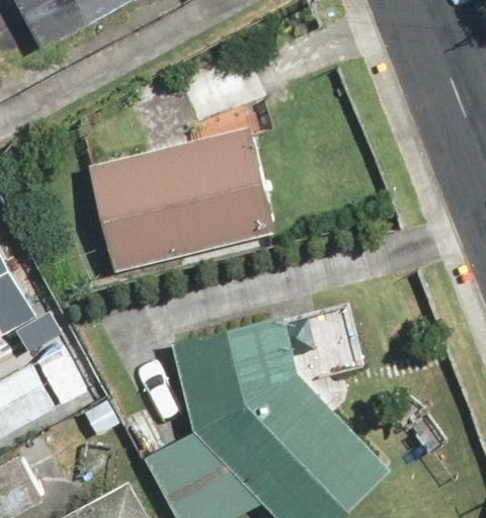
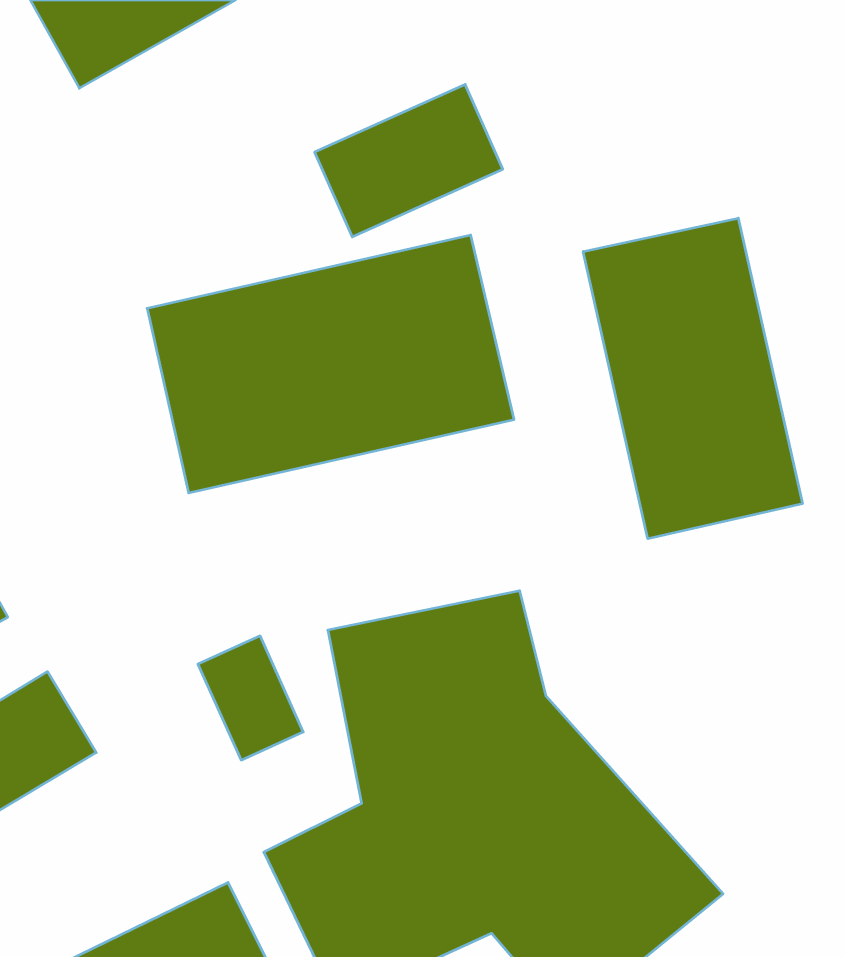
building: none -> [583,218,802,539]

